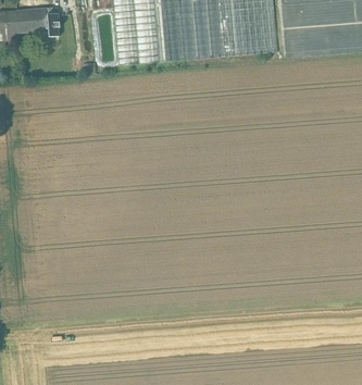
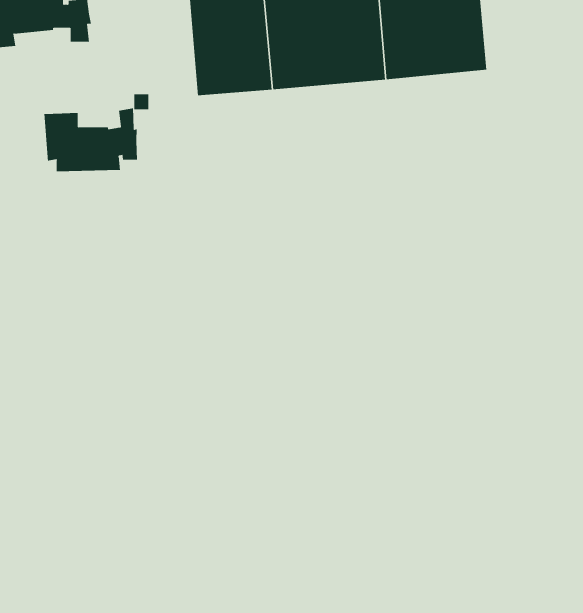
building: none -> [44,107,138,172]

